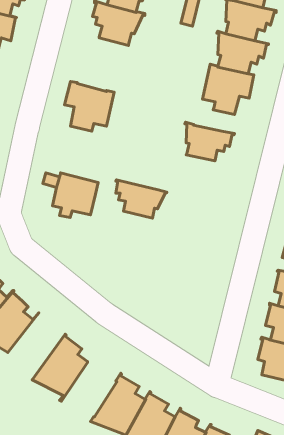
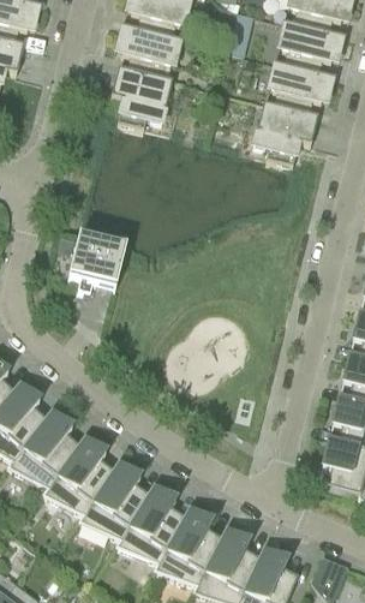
building: [65,82,114,131] -> [110,66,172,127]
building: [185,122,235,161] -> none
building: [116,180,167,218] -> none
building: none -> [8,408,78,485]
building: none -> [79,460,148,543]

